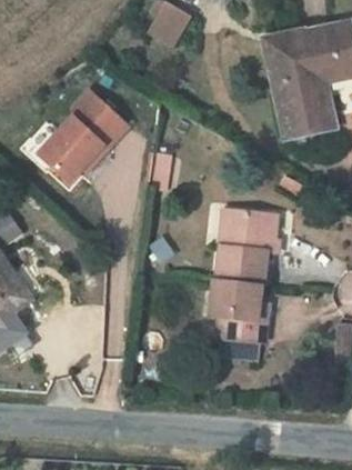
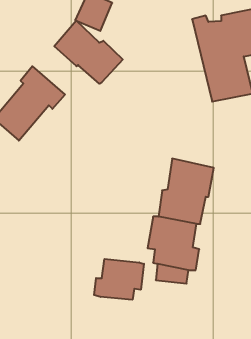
building: none -> [54,21,123,84]
building: none -> [94,259,144,300]

